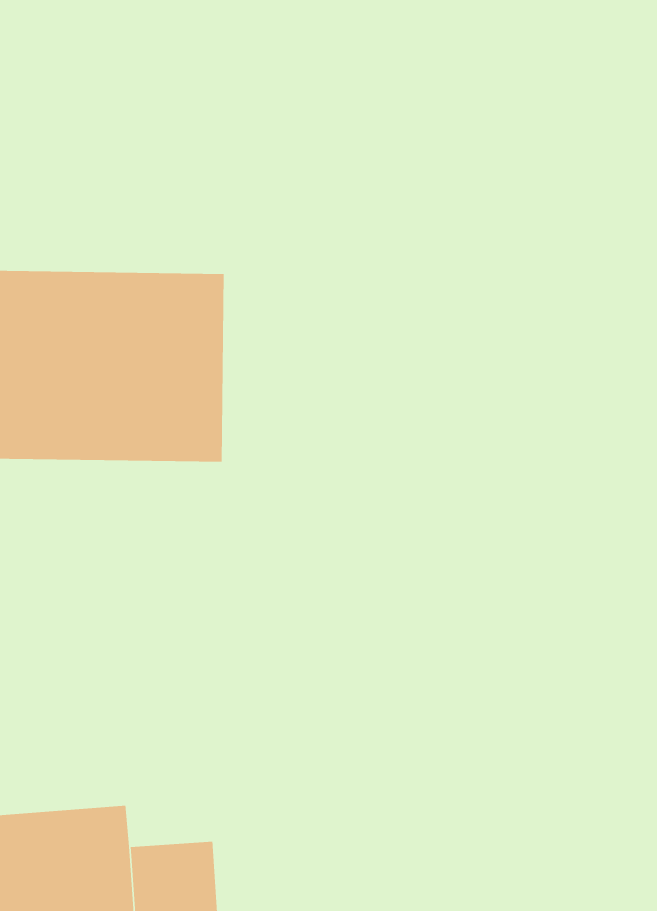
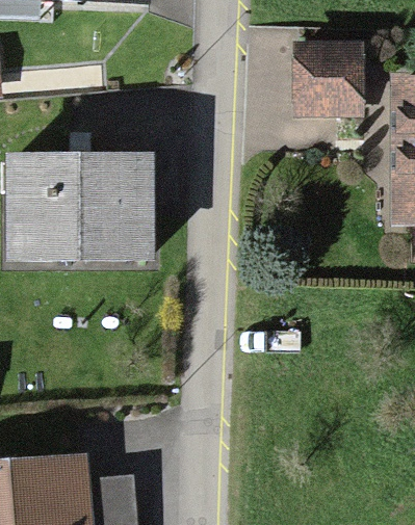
building: none -> [296,48,362,116]

